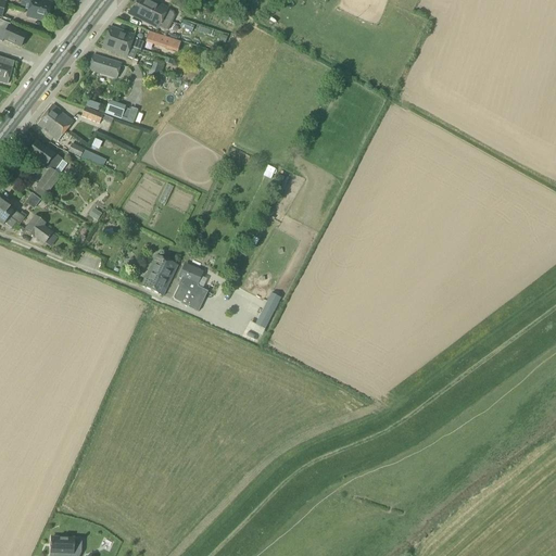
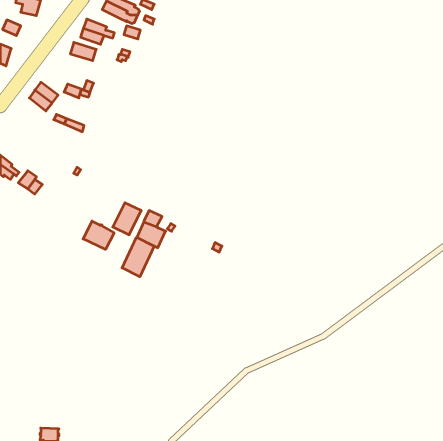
building: [27,140,62,194] -> none
building: none -> [83,221,114,249]
building: none -> [122,237,154,277]

